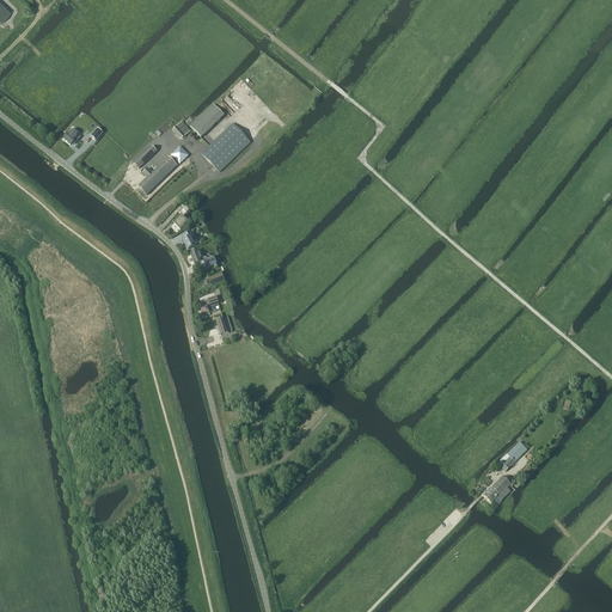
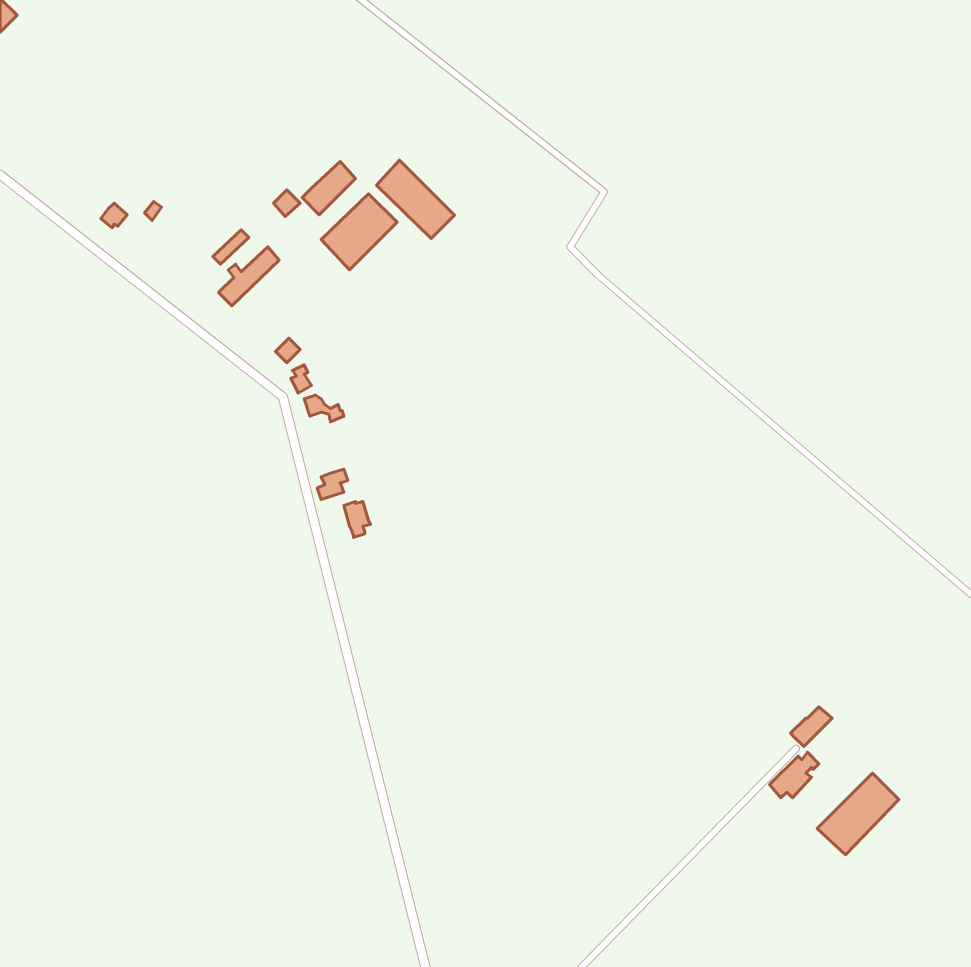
building: none -> [377,160,455,239]
building: none -> [817,773,899,855]

